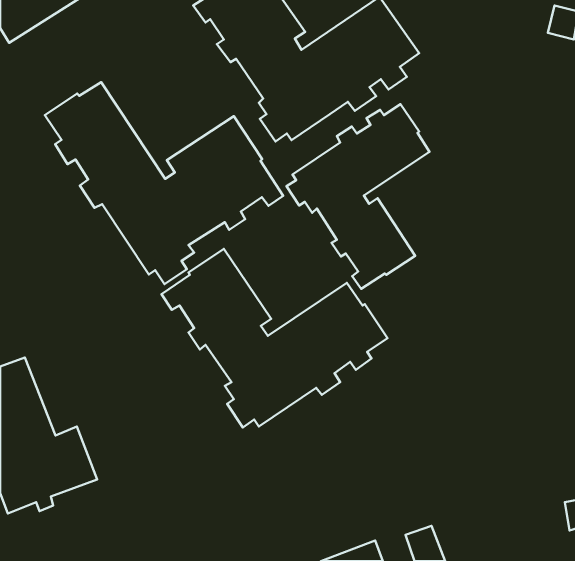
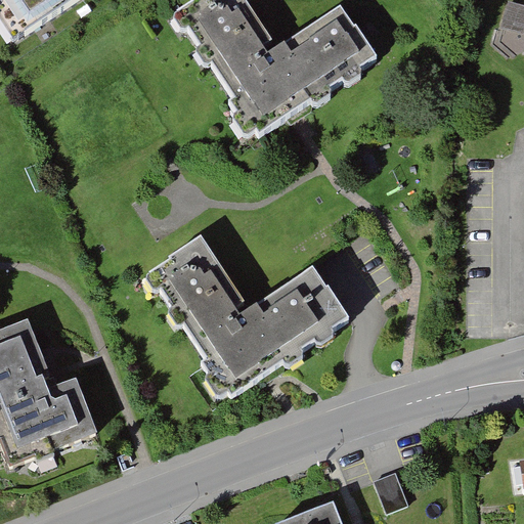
building: [45,82,283,284] -> none
building: [286,104,429,289] -> none

